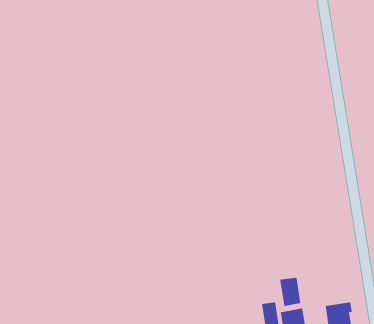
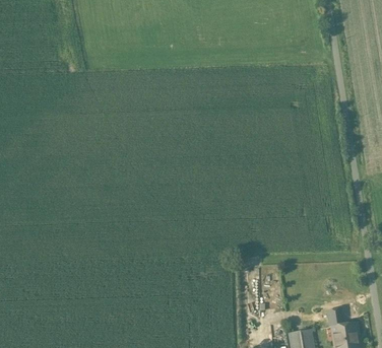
building: [279,277,301,307] -> none

